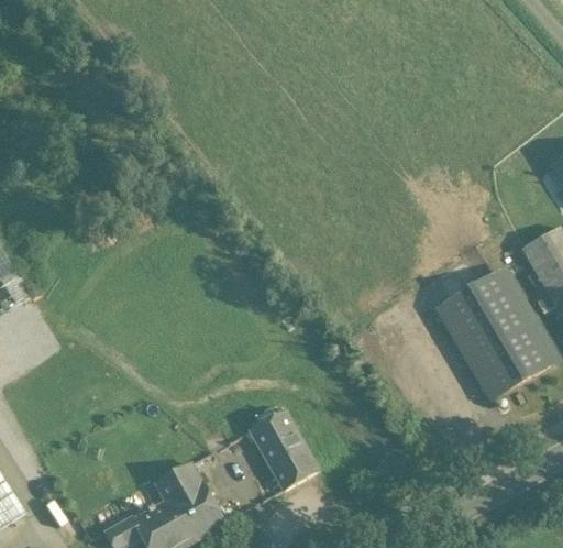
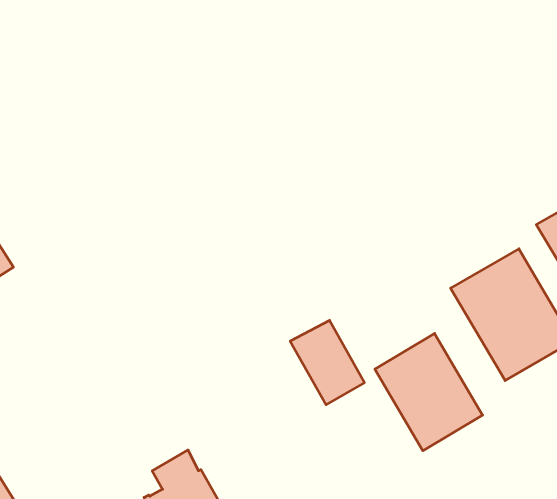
building: none -> [375,333,483,451]
building: [247,409,318,490] -> [290,320,364,405]

